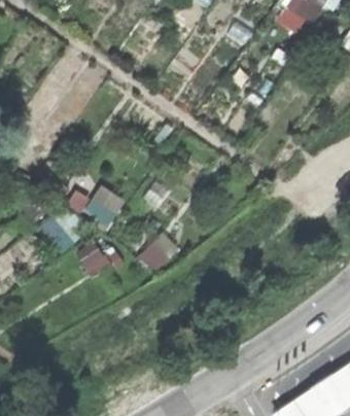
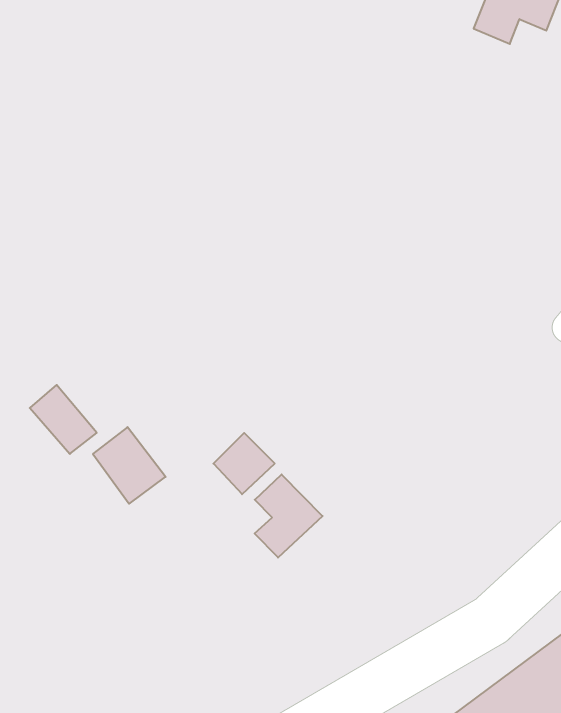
building: [85,188,128,231] -> none
building: none -> [255,474,323,558]

